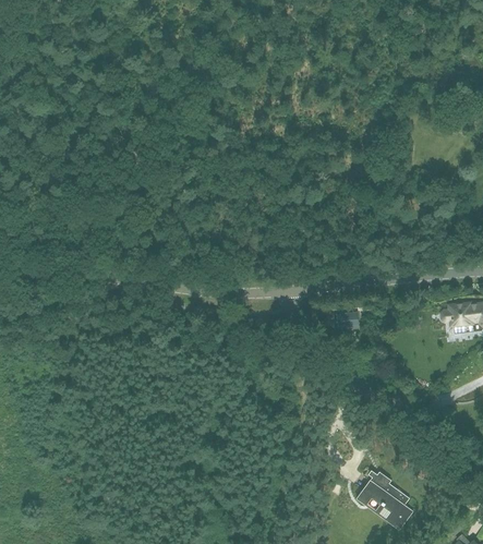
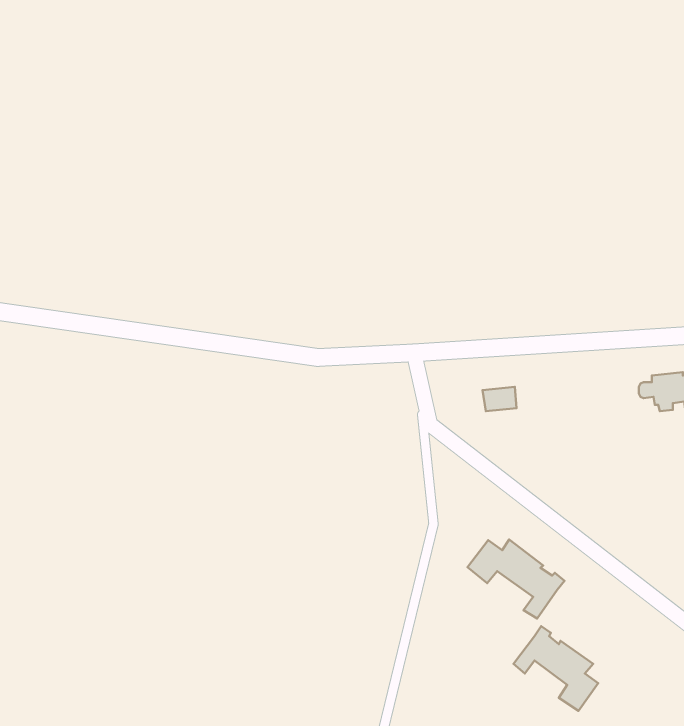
building: none -> [467,539,565,619]

